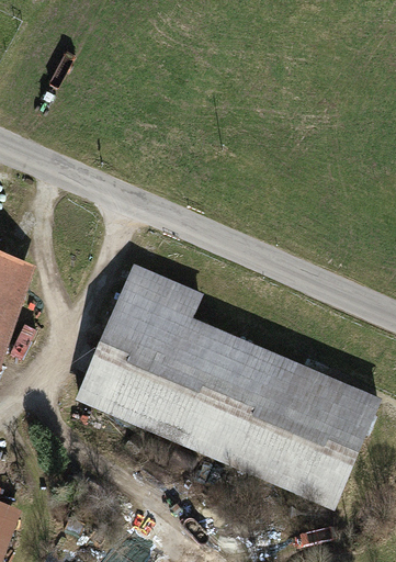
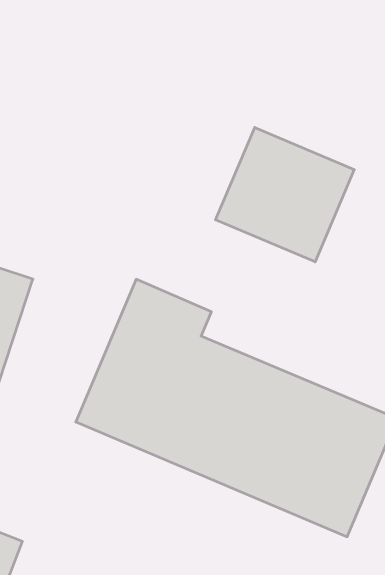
building: none -> [216,127,354,262]

